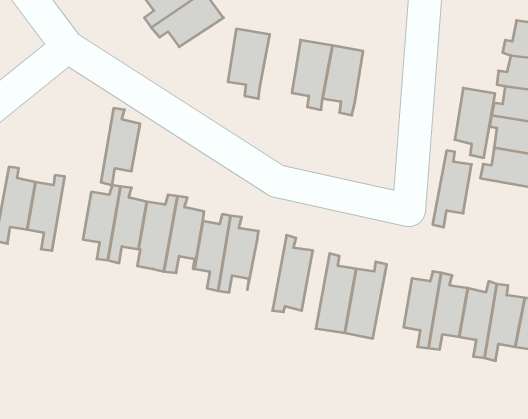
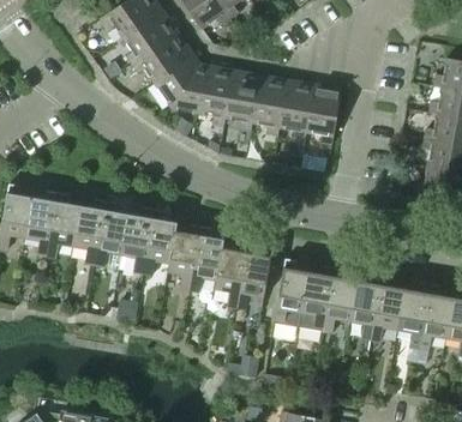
building: none -> [156,56,205,111]
building: none -> [226,71,260,131]
building: [455,88,495,158] -> [307,85,342,145]
building: [101,108,140,185] -> [47,193,80,259]
building: [433,151,472,227] -> [323,269,356,334]
building: none -> [215,242,248,308]

